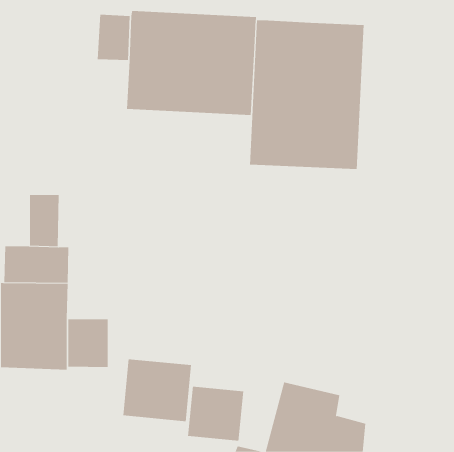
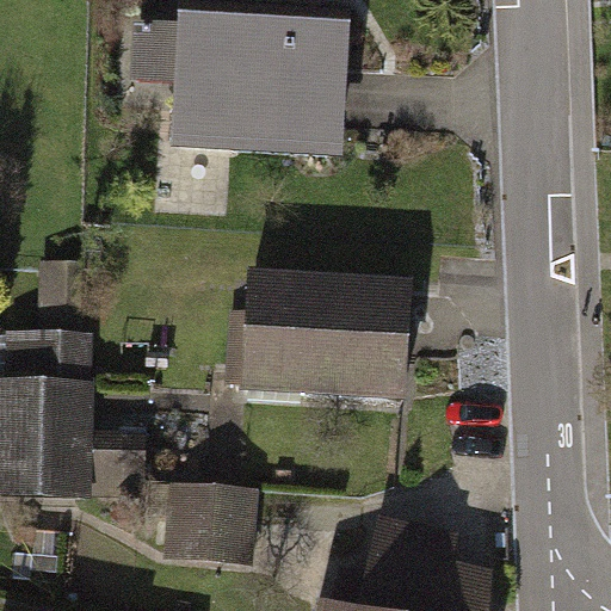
building: [249,19,364,170] -> none
building: none -> [241,269,411,399]
building: [187,386,244,442] -> none

